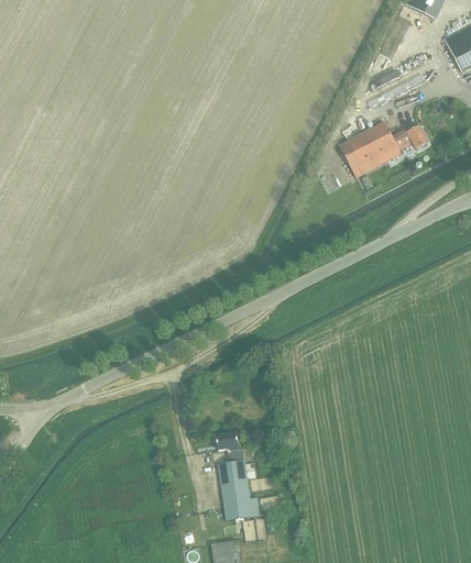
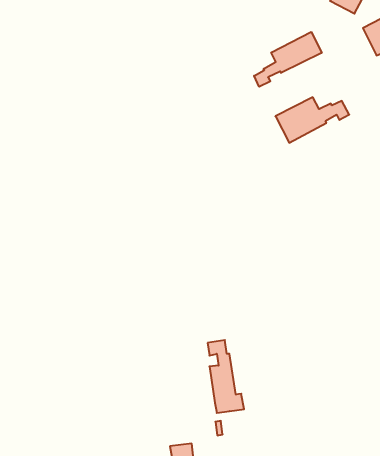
building: none -> [254,32,322,87]
building: [216,432,260,520] -> [208,340,244,413]

